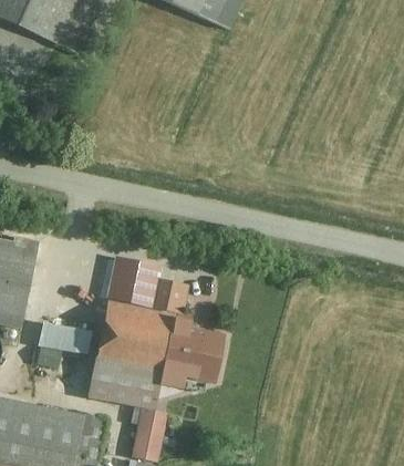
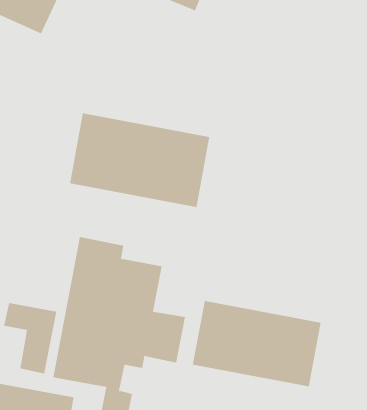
building: none -> [69,112,210,208]
building: none -> [192,300,321,387]

